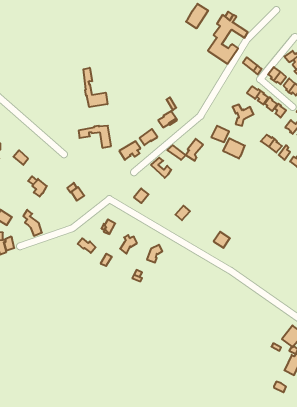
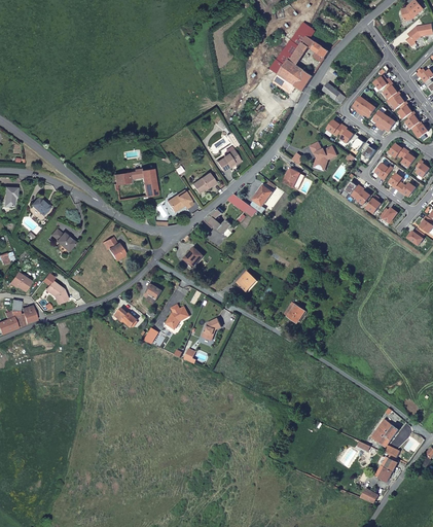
building: [186,4,208,28] -> none
building: [83,68,107,107] -> none
building: [223,138,245,159] -> none

